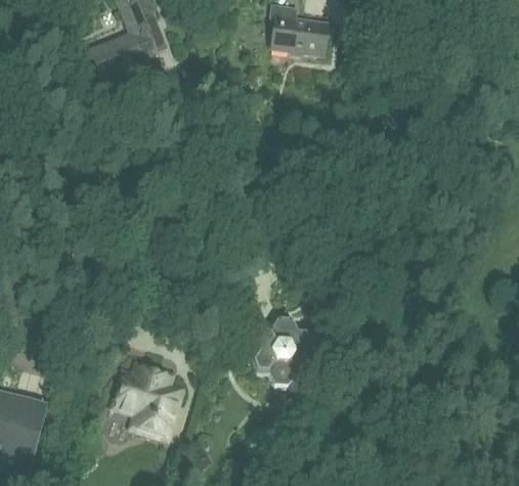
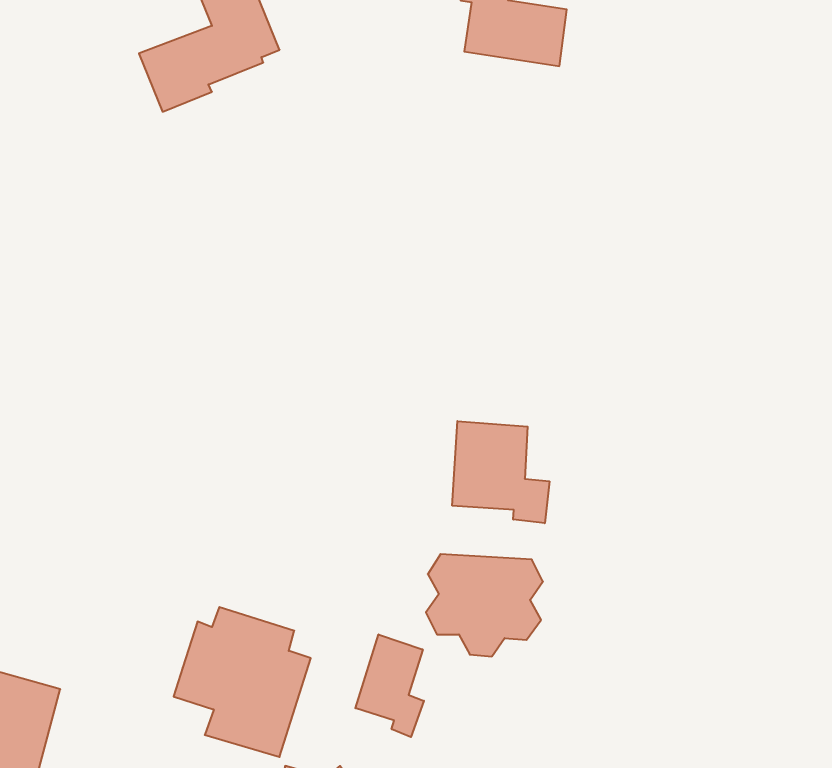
building: none -> [452,421,549,523]
building: none -> [355,634,424,737]

